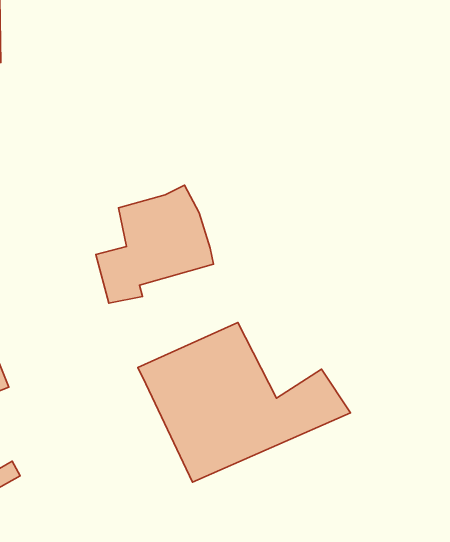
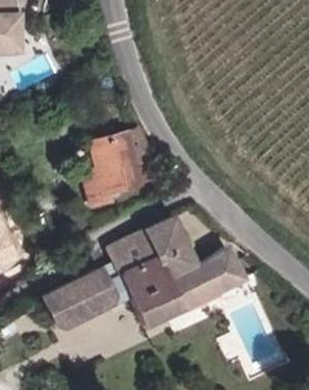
building: none -> [42,267,113,329]

